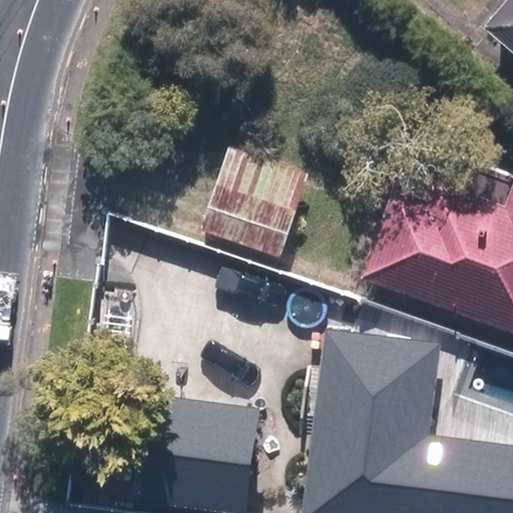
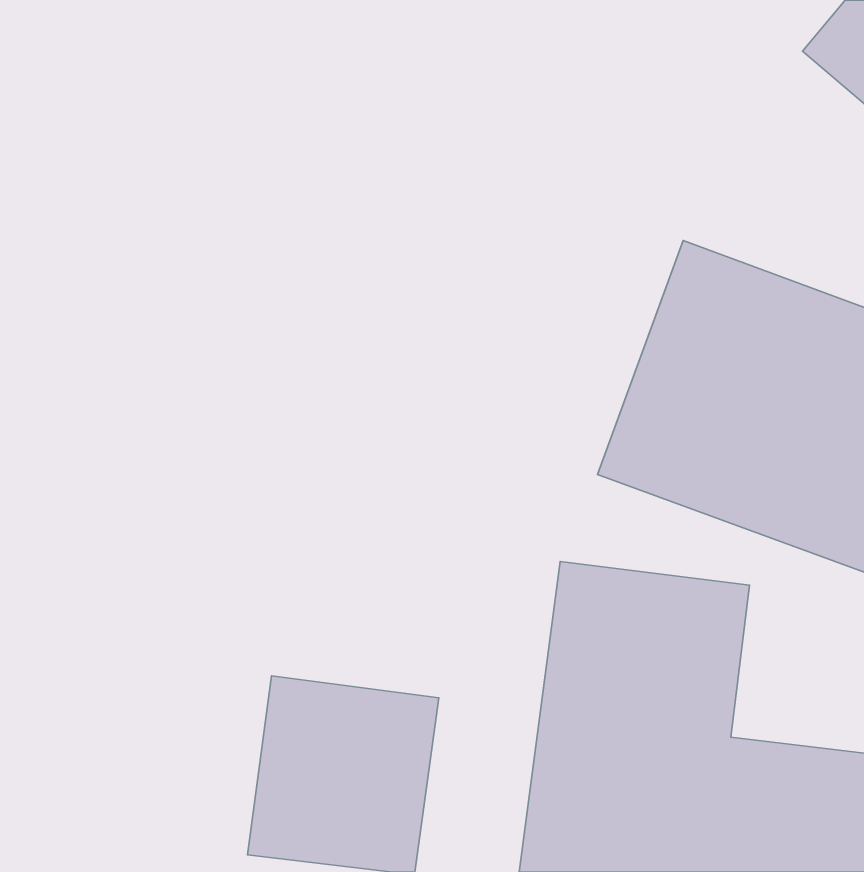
building: [196,142,317,269] -> none

